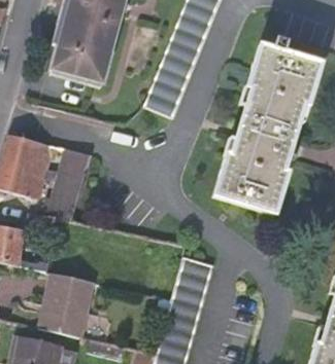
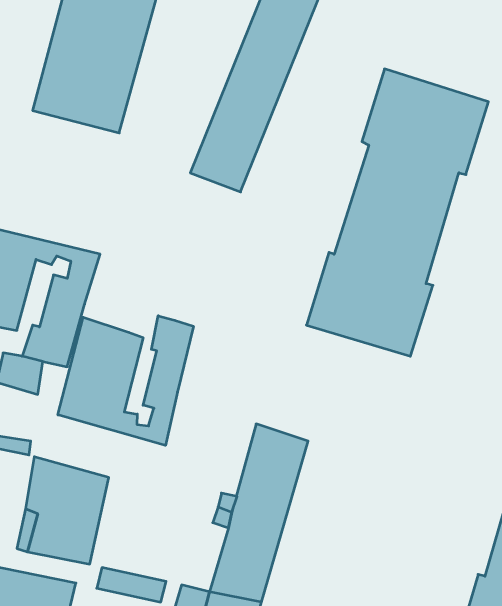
building: none -> [58,316,193,445]

